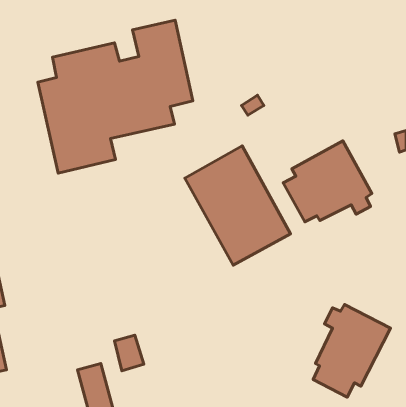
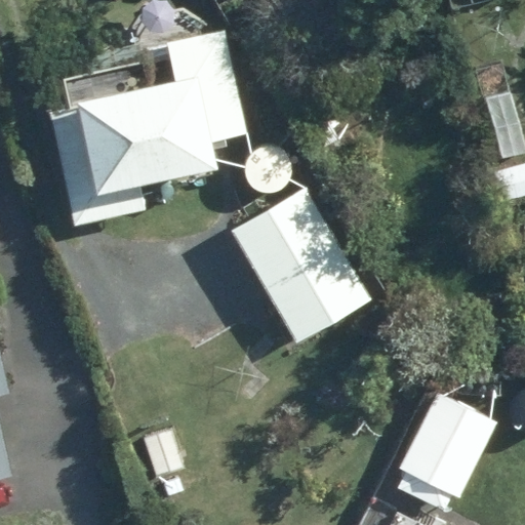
building: [283,141,372,222] -> none

